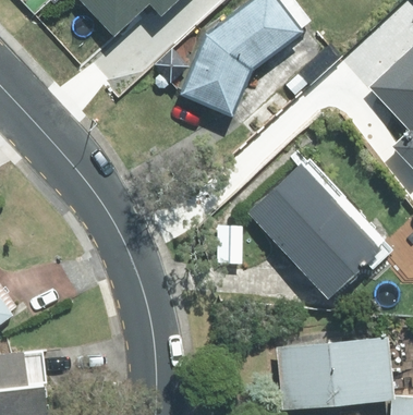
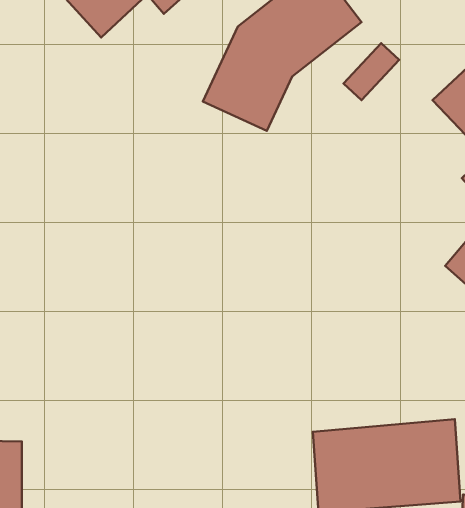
building: [256,155,387,293] -> none

